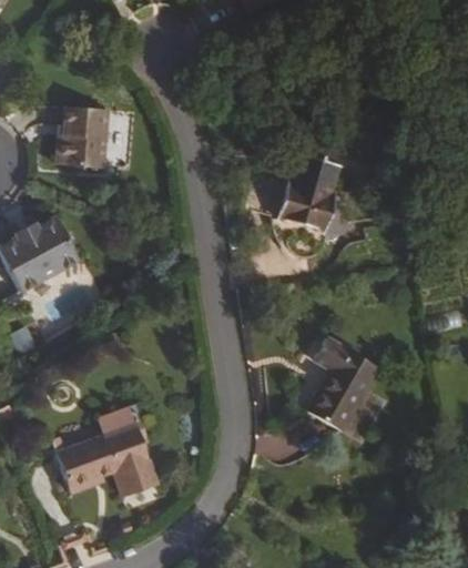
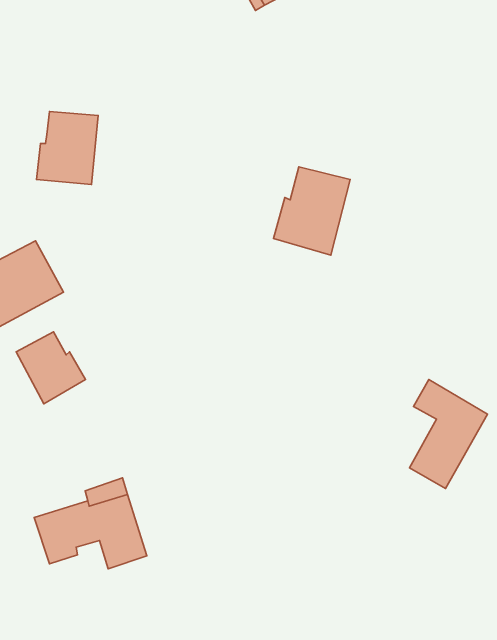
building: none -> [16,332,86,404]
building: [306,337,374,432] -> [410,379,488,488]

